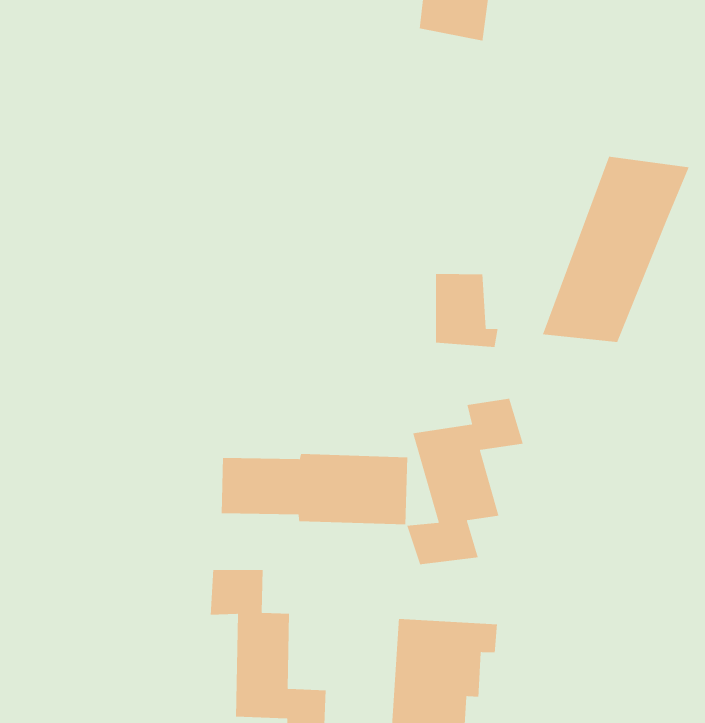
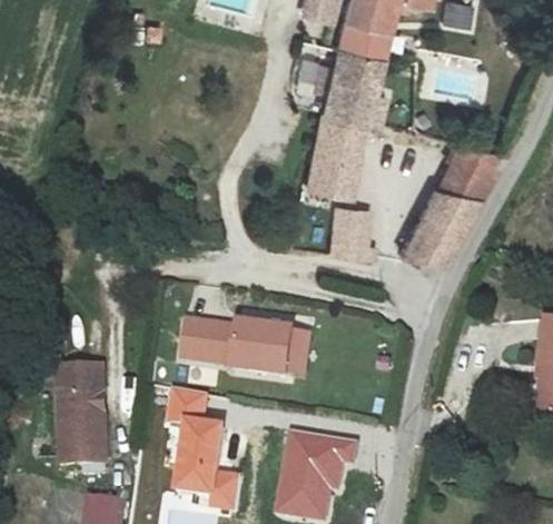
building: none -> [299,49,383,199]
building: [406,398,524,565] -> none
building: none -> [55,359,106,462]

